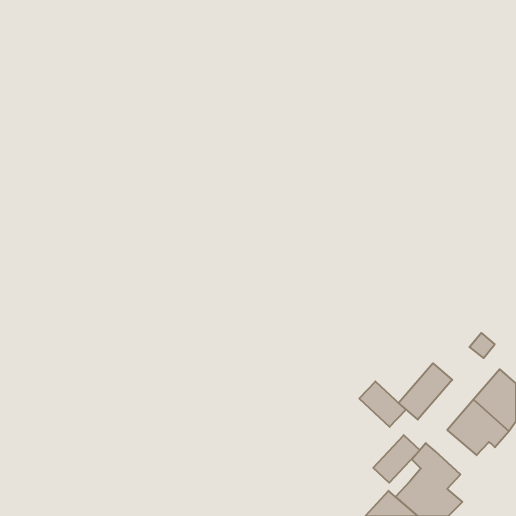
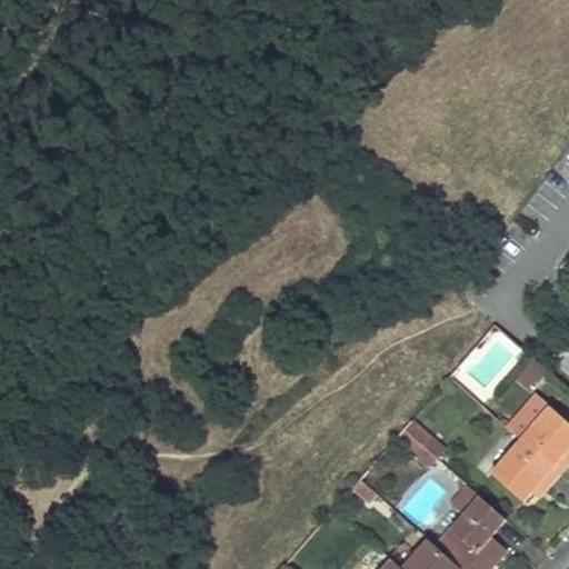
building: [398,363,452,420] -> none
building: [373,435,420,483] -> none

